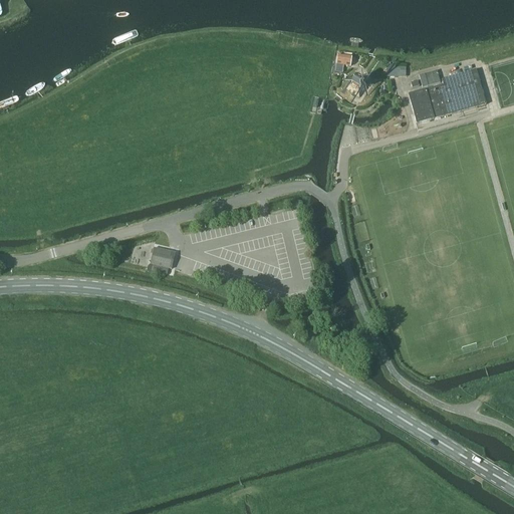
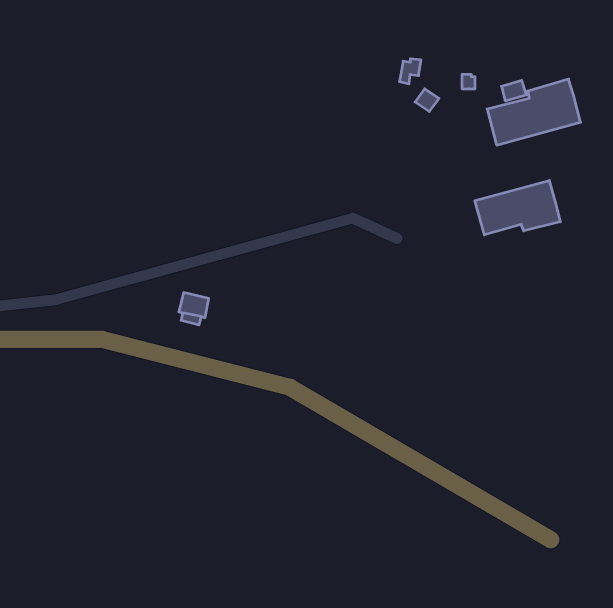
building: none -> [475,180,560,235]

